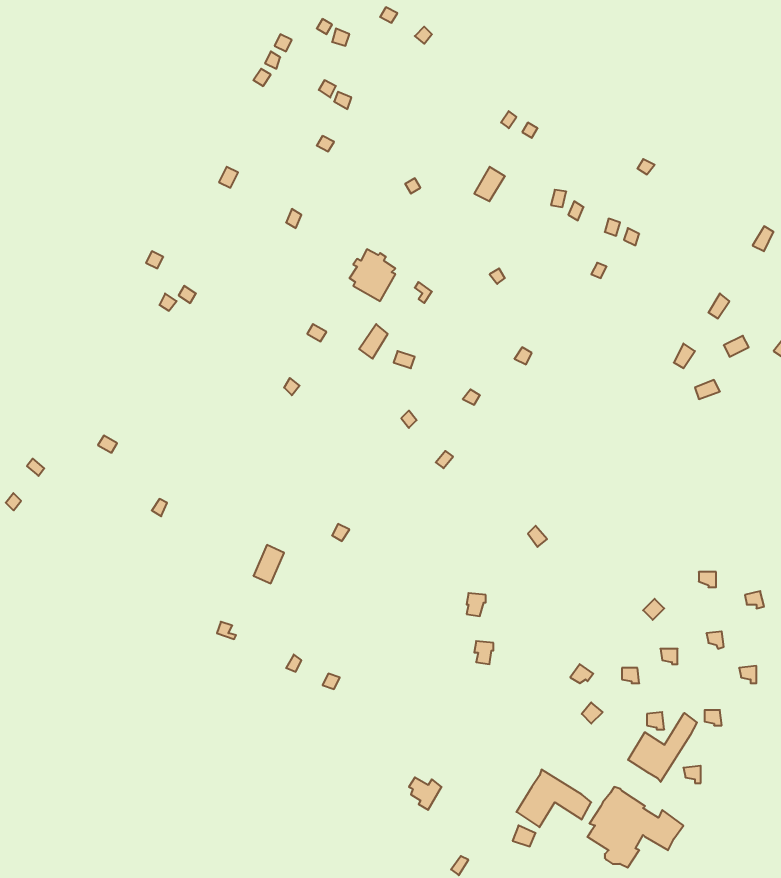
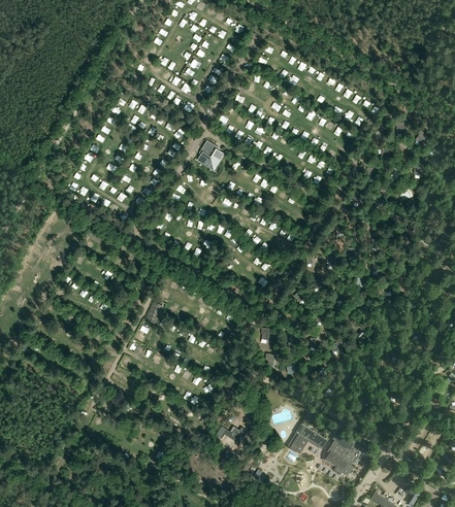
building: [628,713,697,782] -> none

